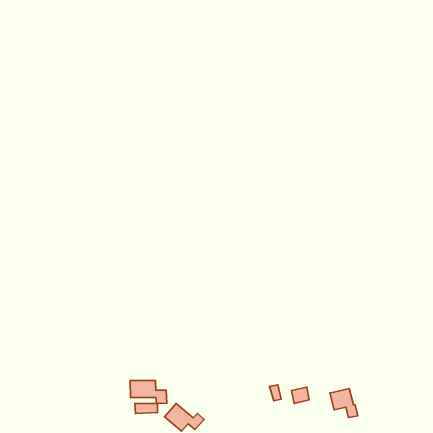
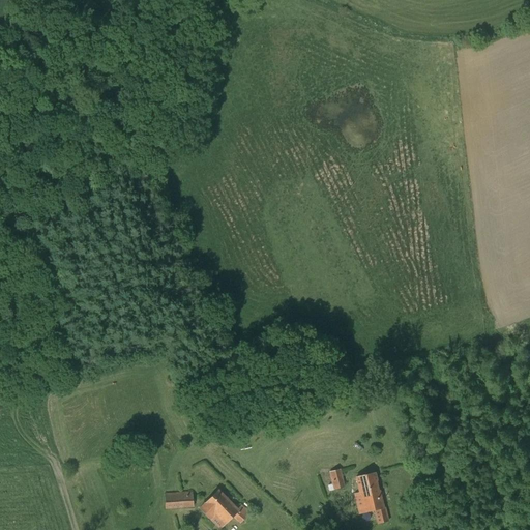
building: [130,381,167,403] -> none
building: [330,389,358,417] -> [354,489,388,524]

